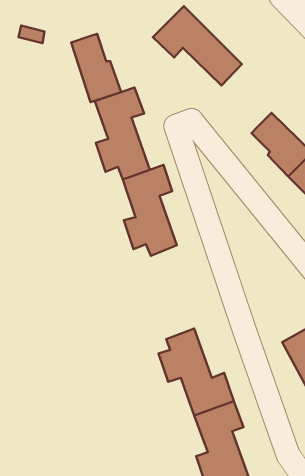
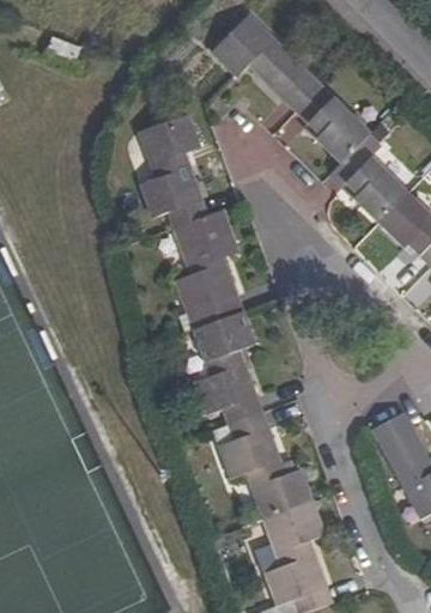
building: [71,34,121,102] -> none
building: none -> [296,85,369,163]
building: none -> [193,309,262,425]

